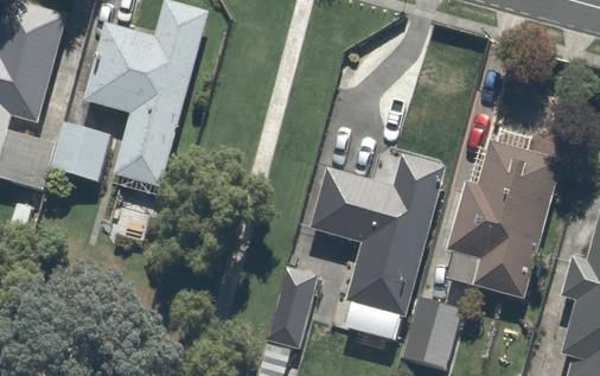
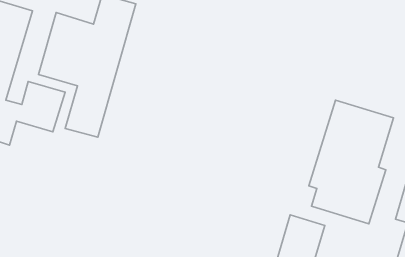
building: [307,157,448,319] -> none
building: [267,263,320,343] -> none

